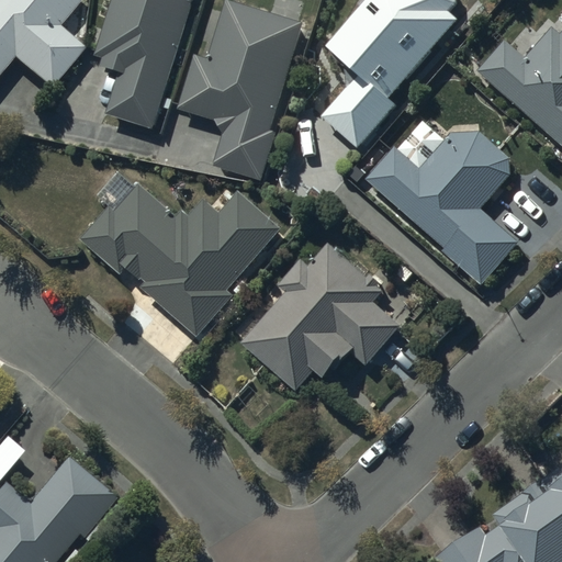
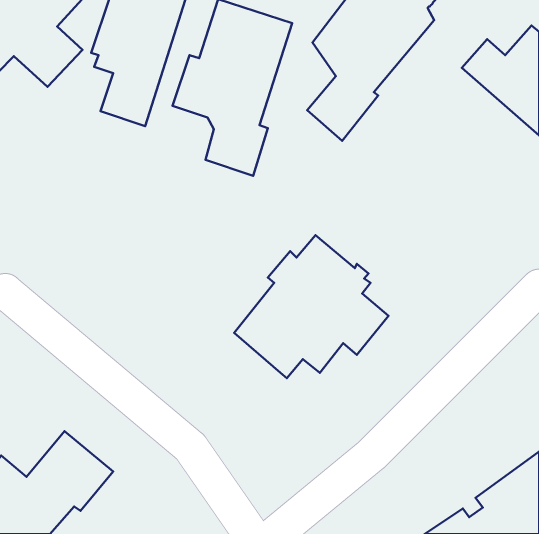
building: [363,123,520,286] -> none
building: [80,186,282,338] -> none

